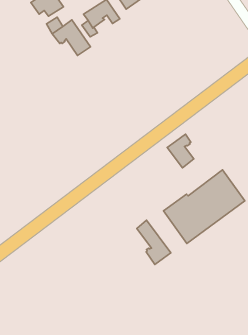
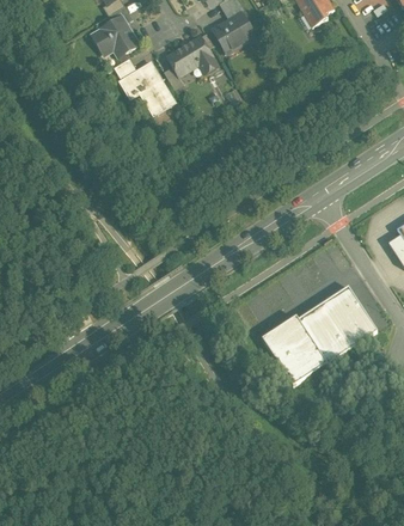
building: [167,134,194,168] -> none
building: [137,220,171,264] -> none

